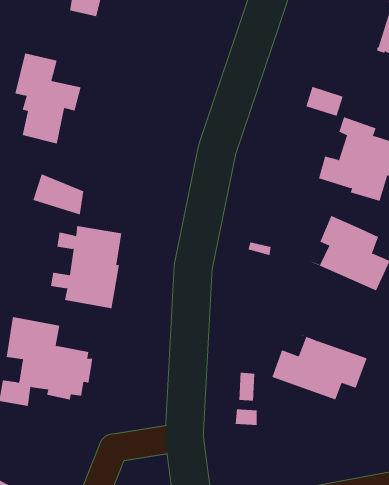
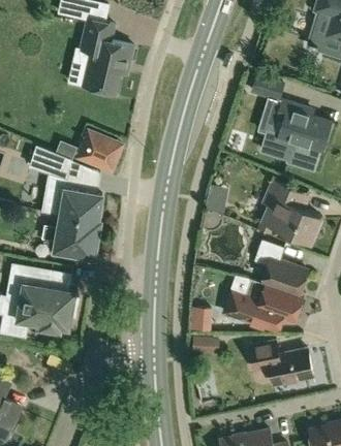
building: [14,53,81,144] -> [79,19,133,93]
building: none -> [78,131,121,170]
building: none -> [253,240,307,297]
building: none -> [248,341,312,385]

